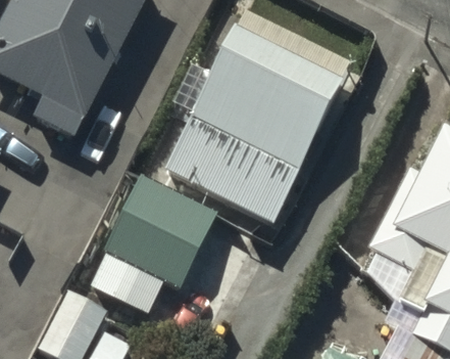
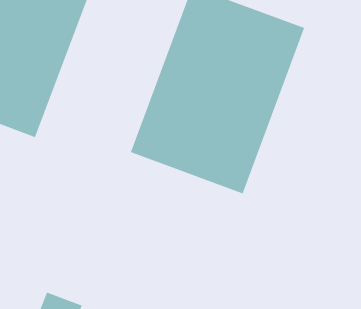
building: [102,176,214,285] -> none

